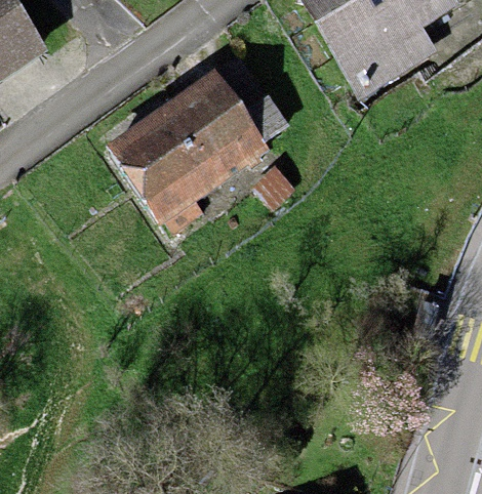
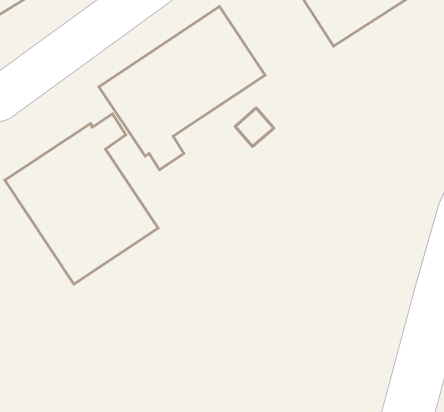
building: none -> [5,114,158,284]

